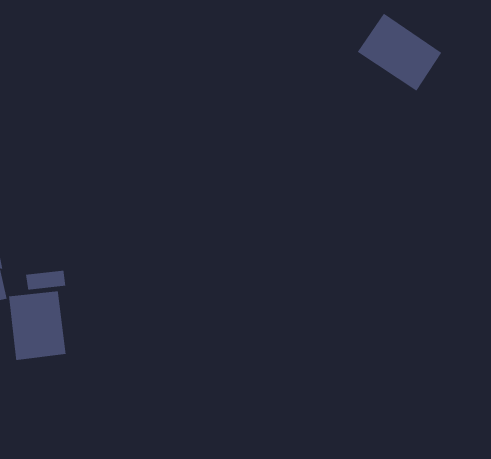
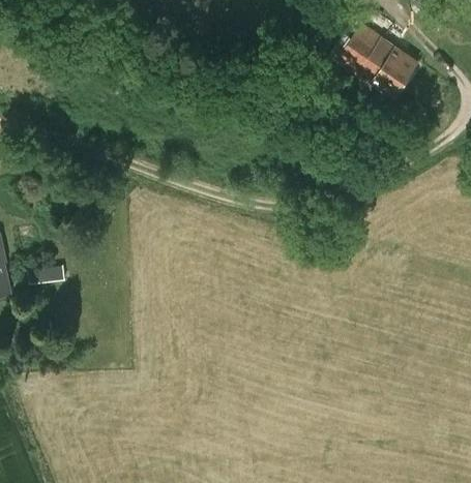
building: [9,290,66,361] -> none

